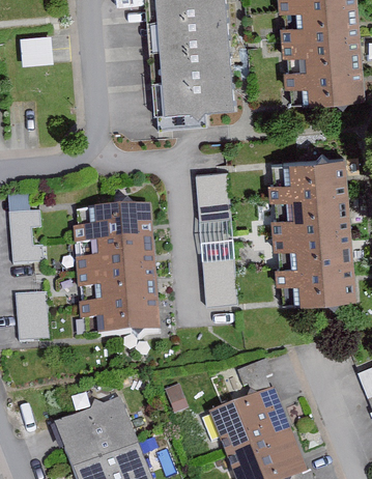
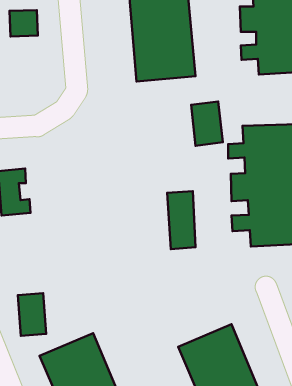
building: [192,170,228,221] -> [191,101,223,146]
building: [74,208,154,339] -> none
building: [13,293,46,342] -> [18,293,46,336]

